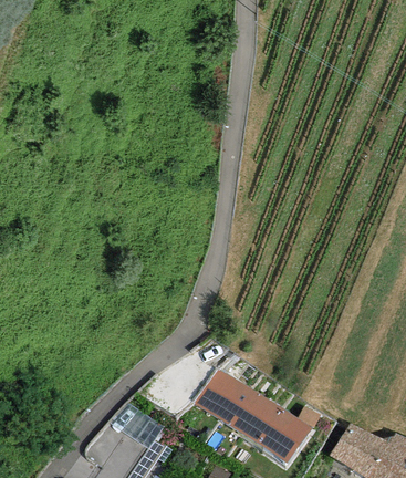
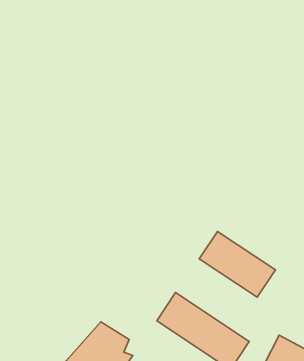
building: none -> [199,231,275,297]

